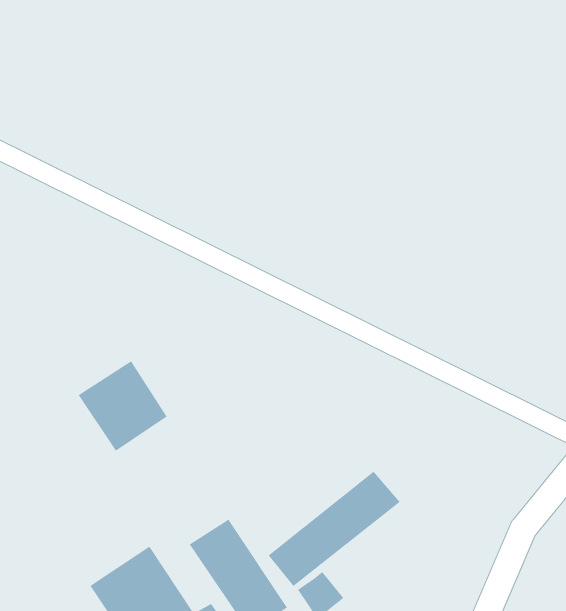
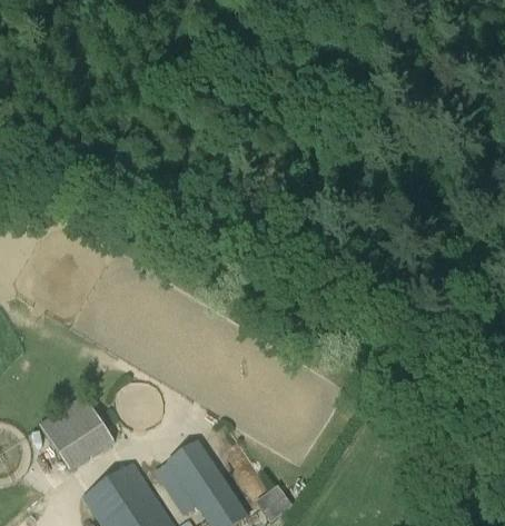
building: [78,360,168,451] -> [38,395,112,470]
building: [268,471,401,587] -> none

